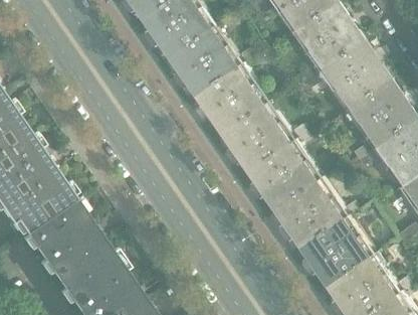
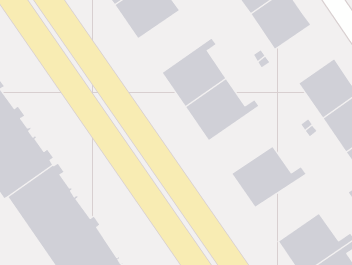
building: [170,25,253,96] -> none
building: [324,41,391,108] -> none
building: [249,133,322,209] -> none
building: [301,209,374,286] -> none

